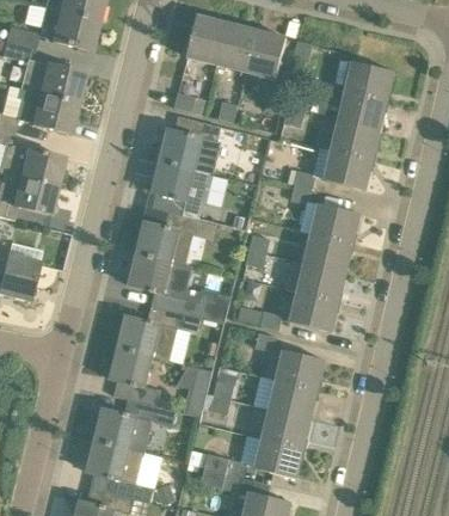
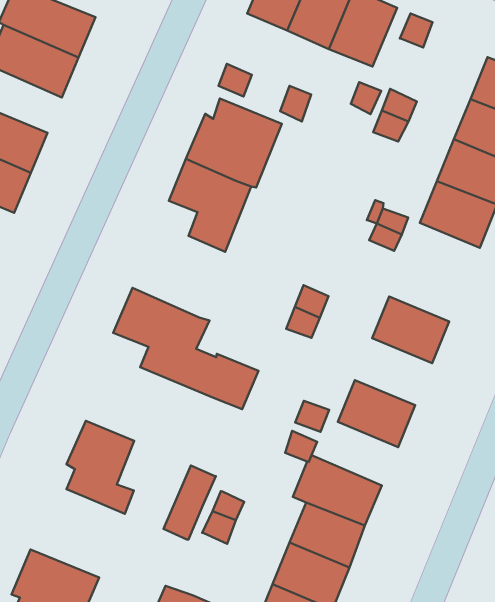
building: [309,203,359,242] -> none
building: [136,211,214,265] -> none
building: [295,262,345,302] -> none
building: [118,305,202,358] -> none
building: [94,398,177,450] -> none

